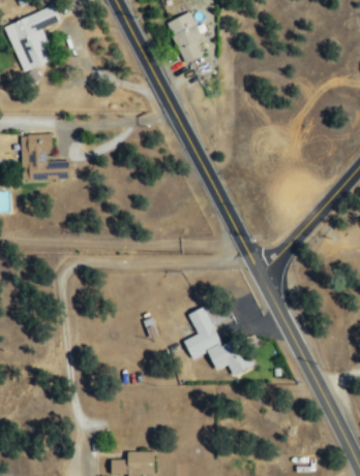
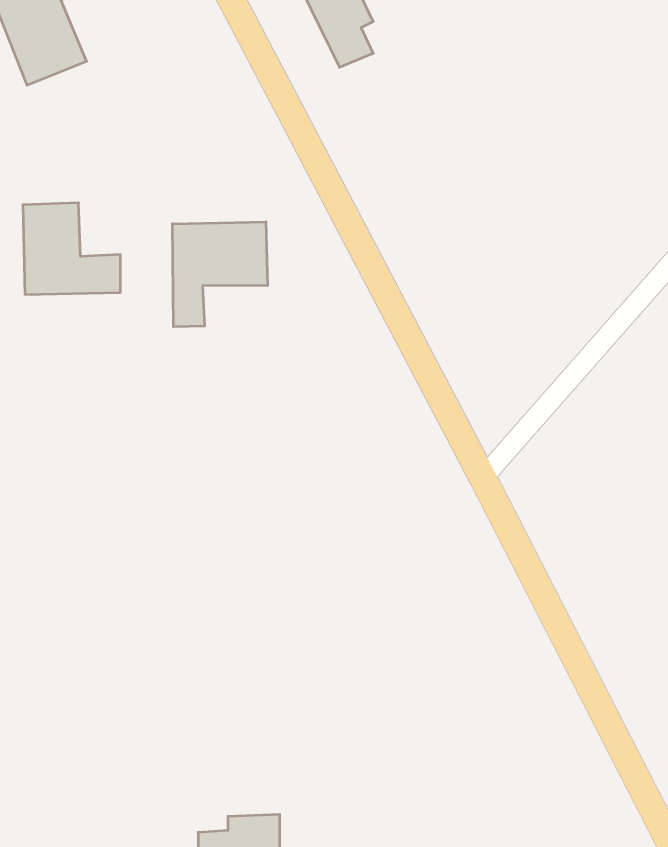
building: none -> [172,222,267,327]
building: [184,302,251,374] -> none

